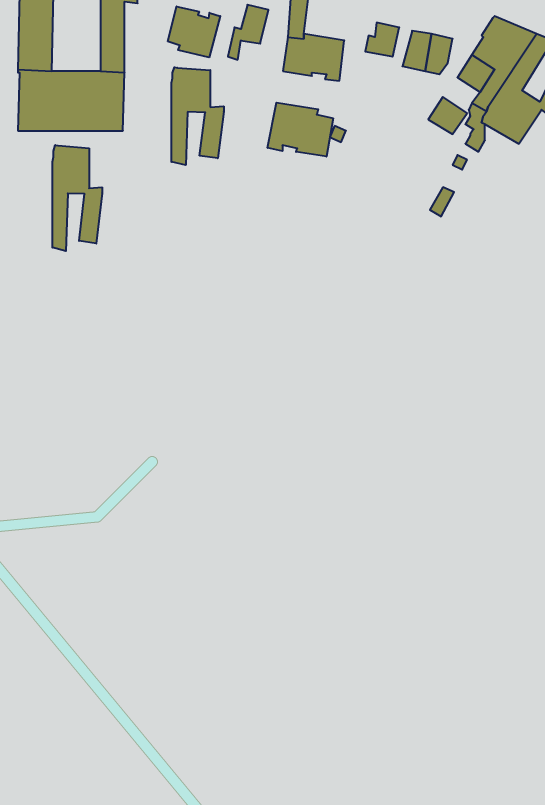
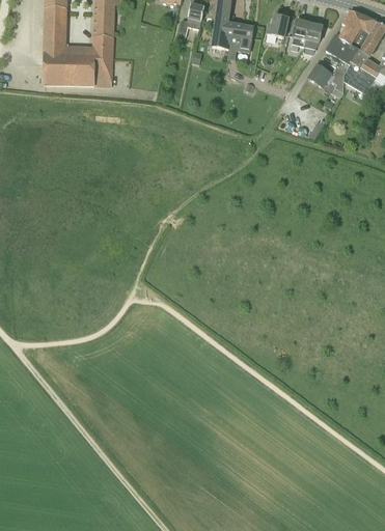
building: [168,6,220,57] -> none
building: [171,67,224,165] -> none
building: [268,103,333,157] -> none
building: [52,145,102,251] -> none

